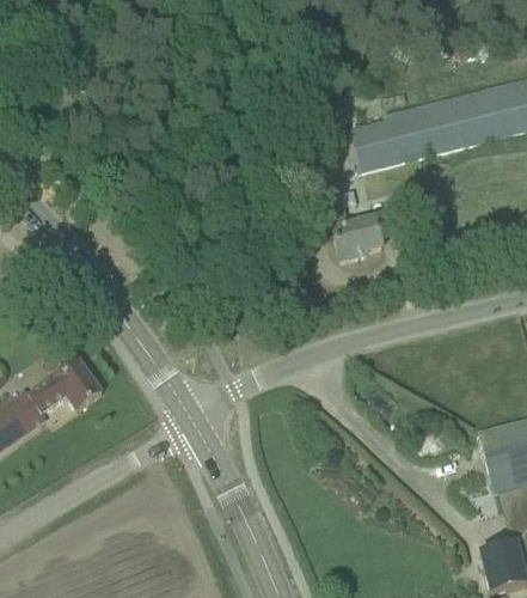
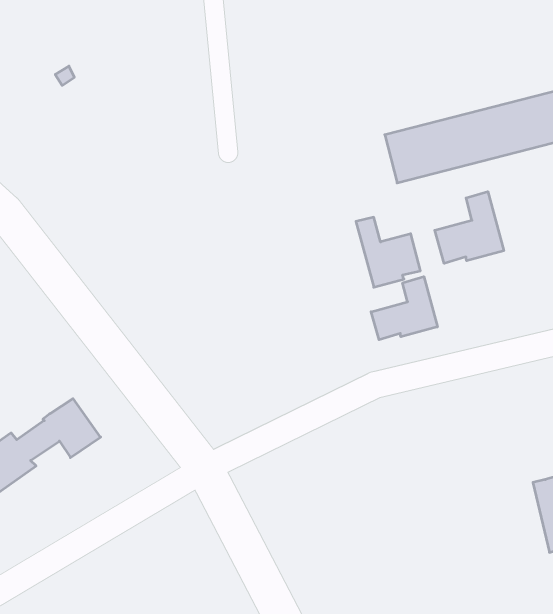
building: none -> [435,192,504,263]
building: none -> [371,277,437,340]

